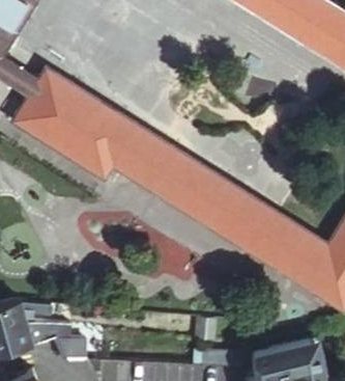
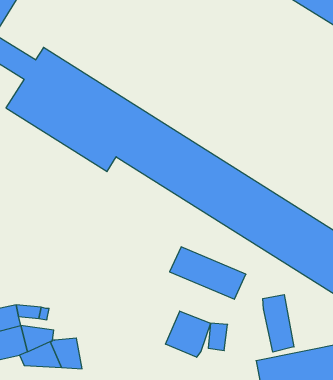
building: none -> [263,295,294,352]
building: none -> [166,311,211,357]

